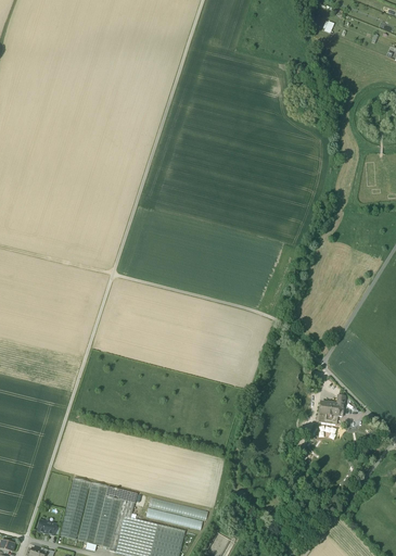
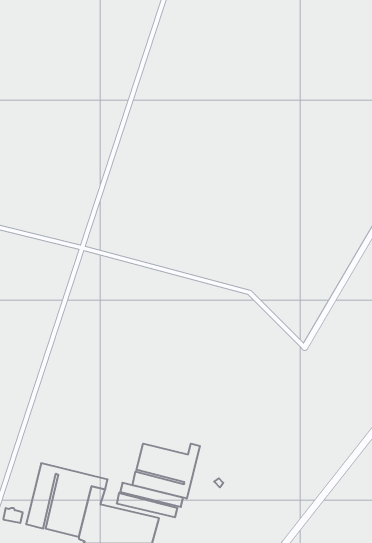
building: [319,395,345,422] -> none
building: none -> [133,444,200,499]

